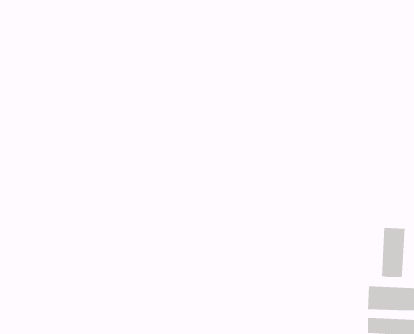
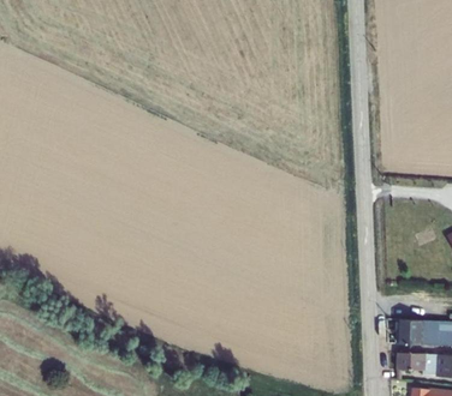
building: [382,227,405,278] -> none

